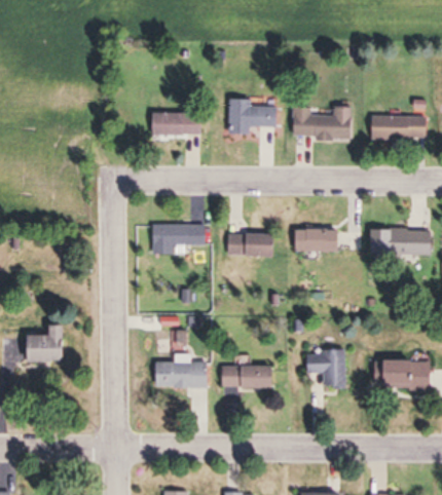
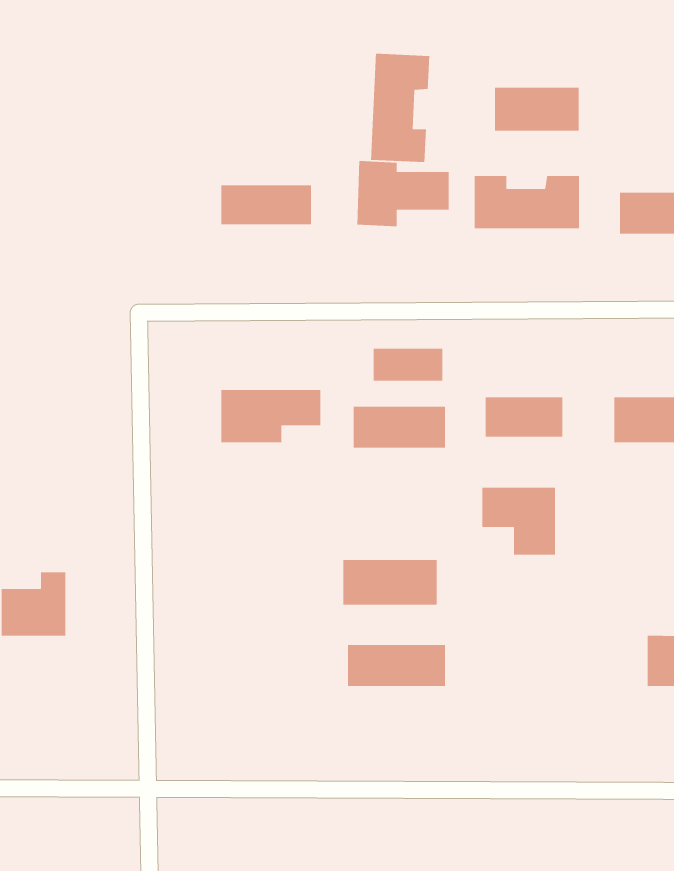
building: none -> [370,53,430,163]
building: none -> [494,87,580,131]
building: none -> [373,348,443,381]
building: [305,350,346,388] -> [482,487,556,556]
building: [155,363,208,388] -> [343,559,437,606]

